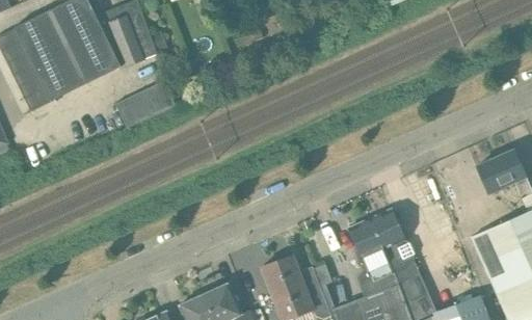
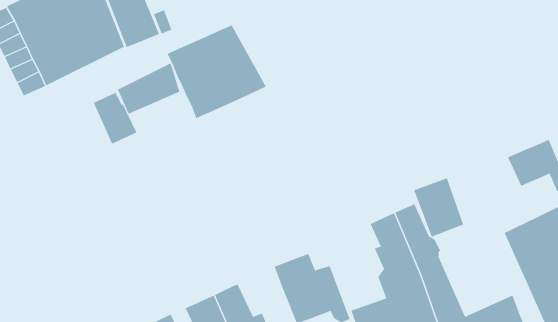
building: none -> [167,25,266,119]
building: none -> [93,90,137,144]
building: none -> [413,177,464,237]

